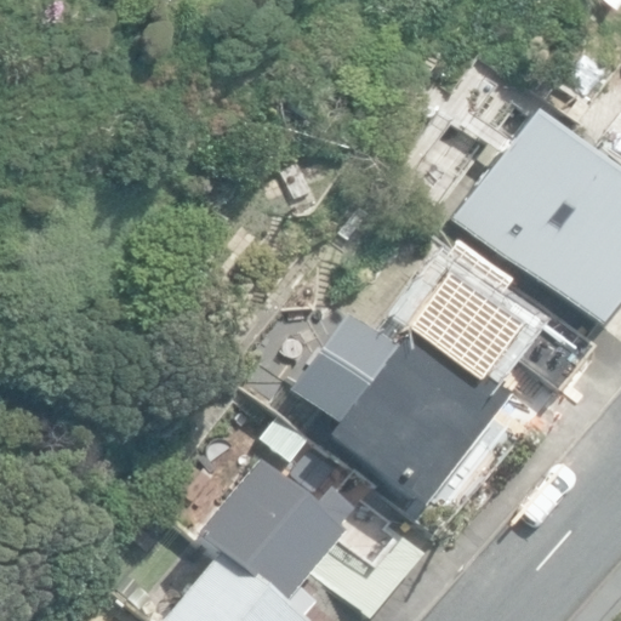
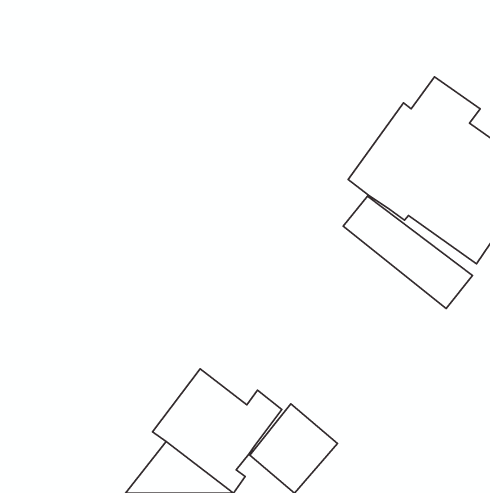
building: [292,317,507,511] -> none

